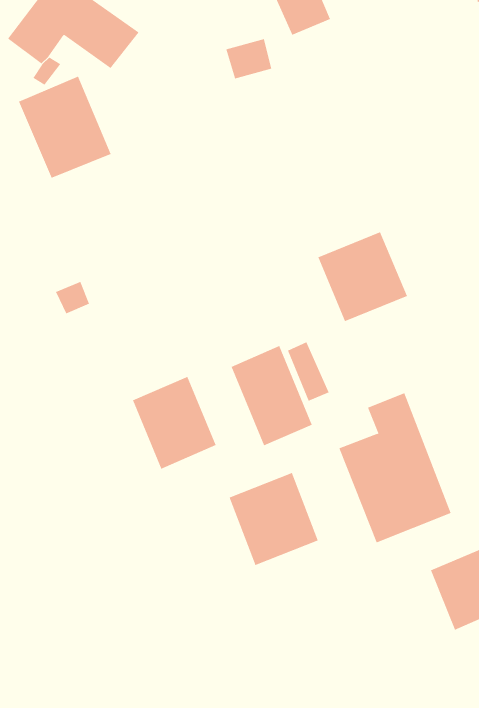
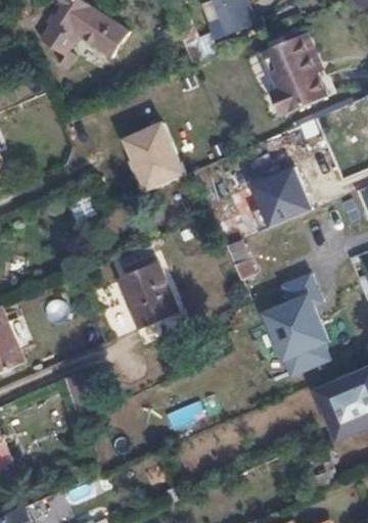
building: none -> [260,34,327,115]
building: [18,76,112,178] -> [119,121,182,190]
building: [231,345,313,446] -> none
building: [229,472,319,566] -> none

